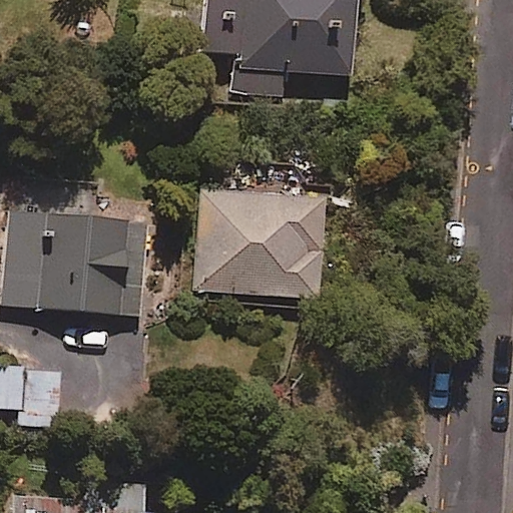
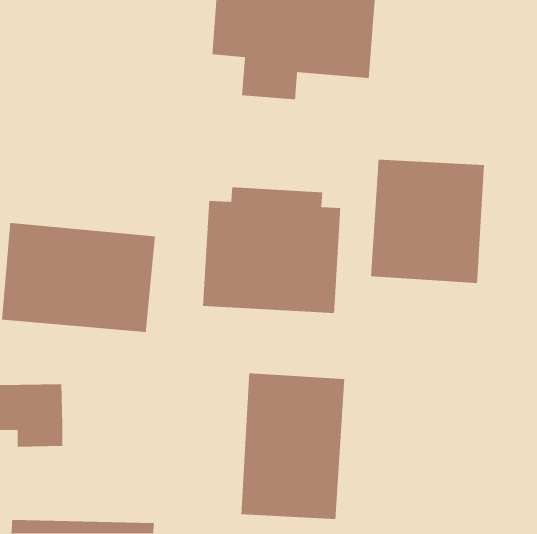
building: none -> [370,159,485,284]
building: none -> [240,372,345,520]

